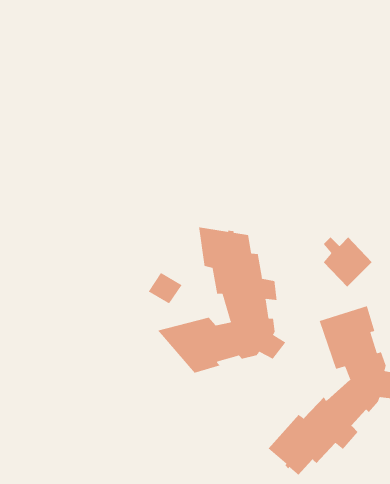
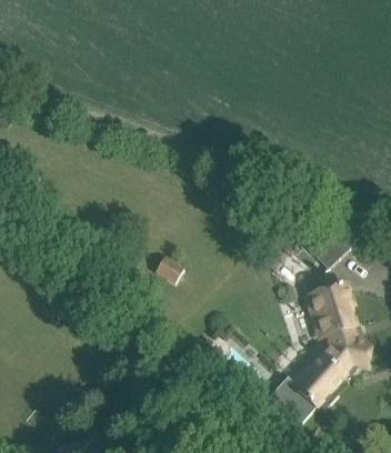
building: [157,226,286,373] -> none

